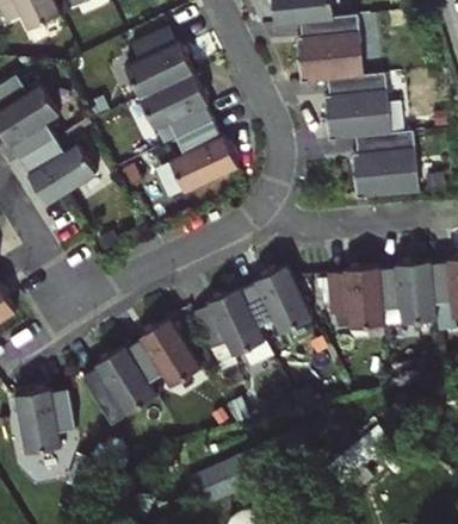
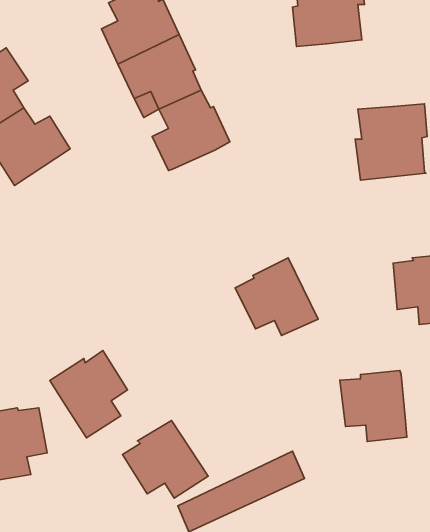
building: [320,74,383,141] -> none
building: [327,268,385,330] -> [340,370,407,441]
building: [194,289,267,358] -> none
building: [126,318,202,386] -> [122,420,208,498]

